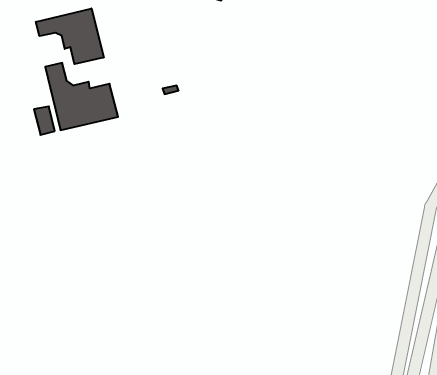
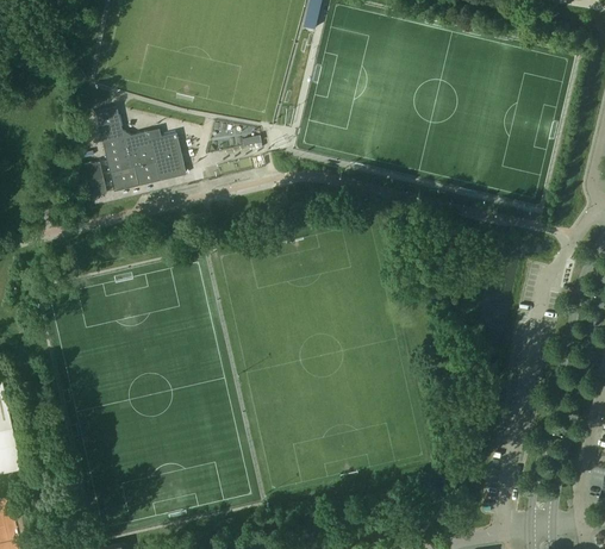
building: [36,8,104,64] -> none

